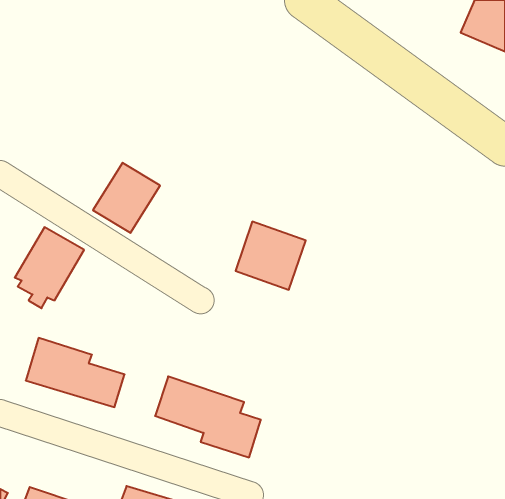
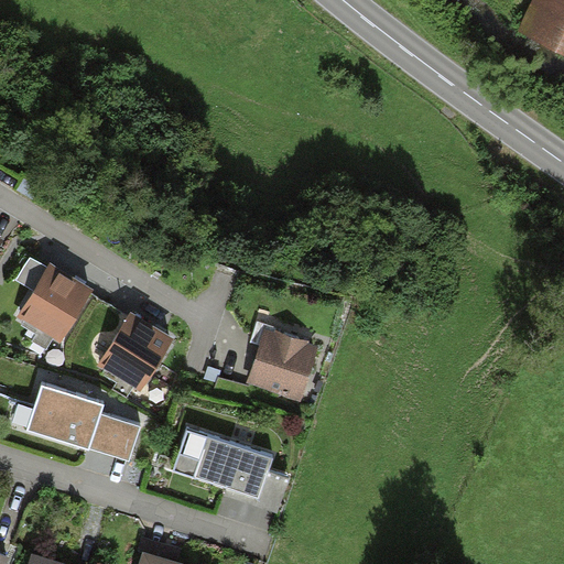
building: [93,163,160,233] -> [98,308,173,387]
building: [236,222,306,290] -> [246,327,324,403]

